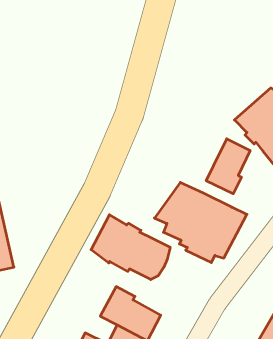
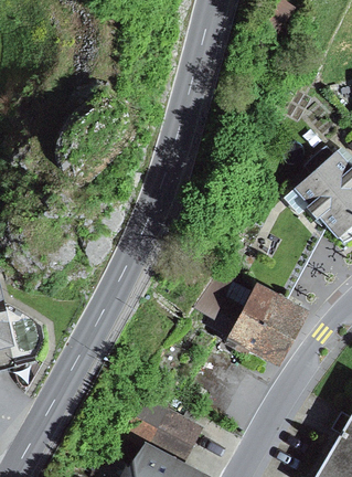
building: [206,139,250,194] -> none
building: [91,215,170,280] -> none

